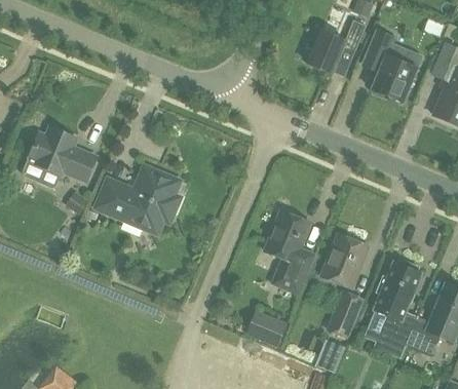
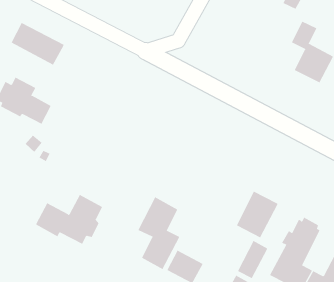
building: [308,21,365,72] -> none
building: none -> [11,22,64,65]
building: [97,166,174,225] -> [35,194,103,245]
building: [264,209,314,294] -> [138,197,180,270]

